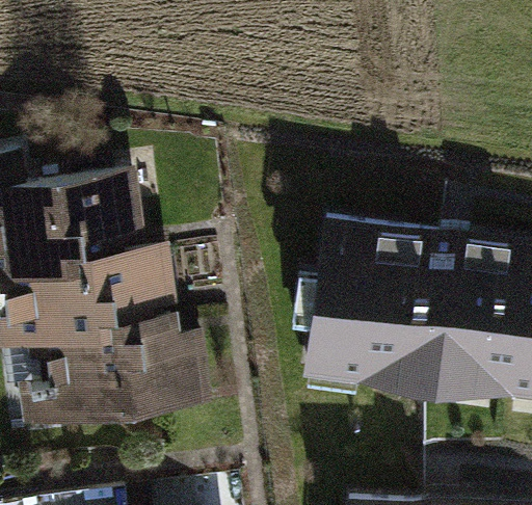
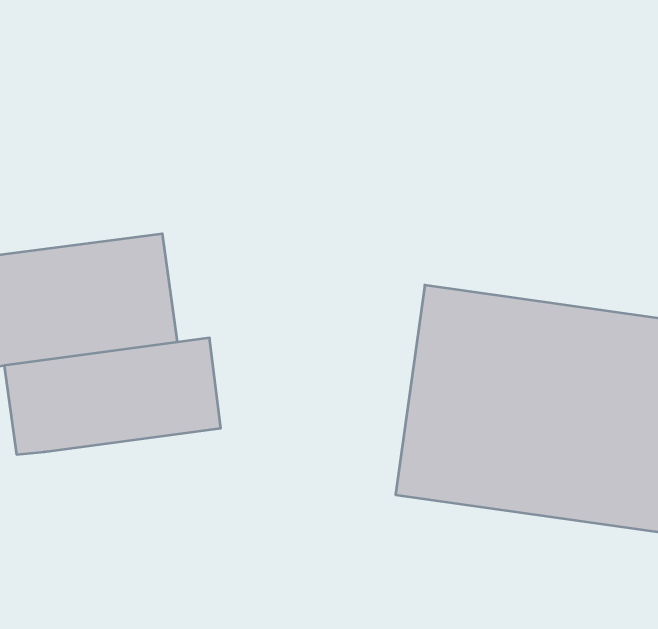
building: [41,325,204,423] -> none

